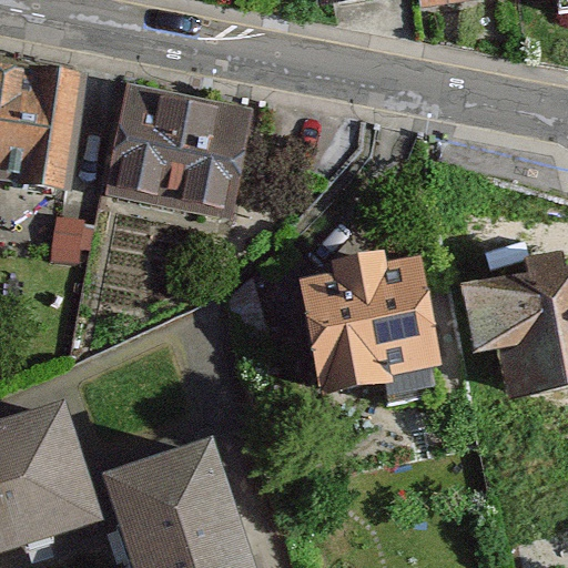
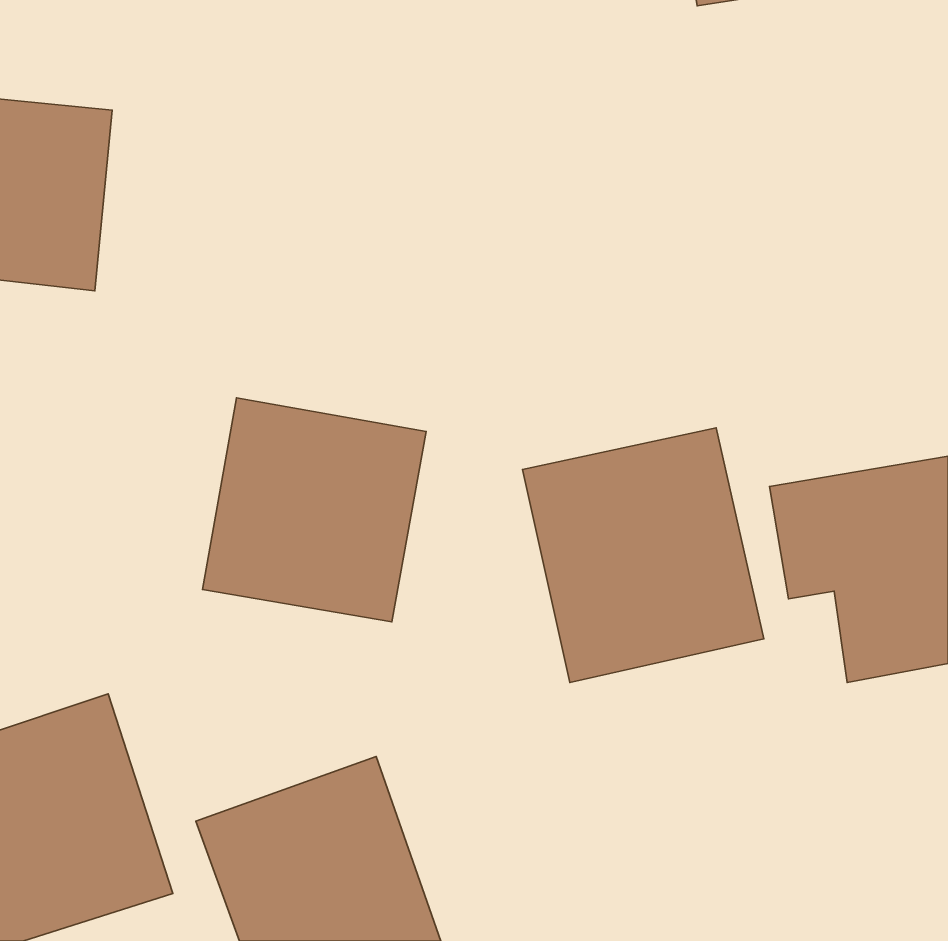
building: [110,75,226,217] -> none
building: none -> [203,398,426,622]

